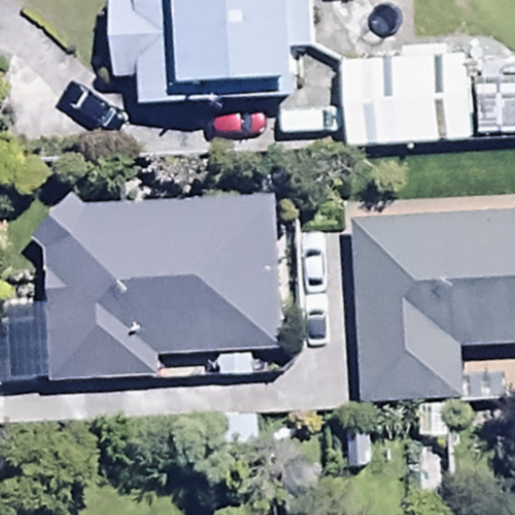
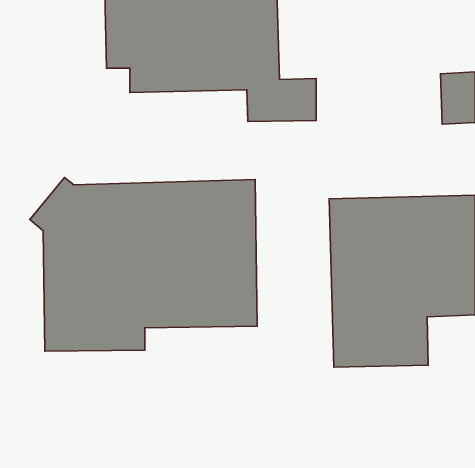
building: [343,51,467,141] -> none

